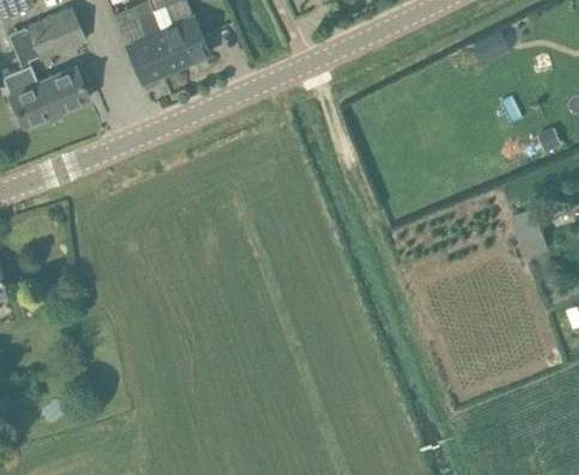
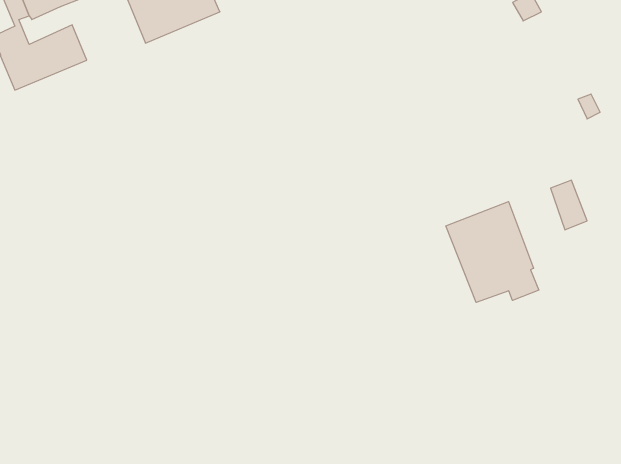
building: none -> [446,202,539,302]

